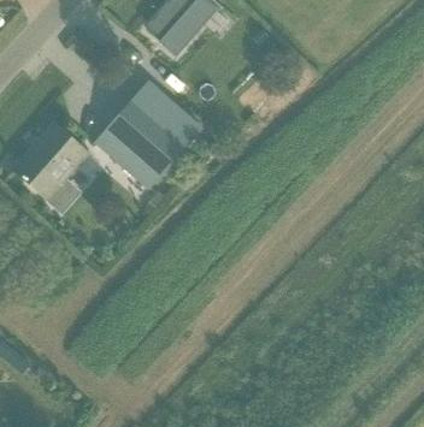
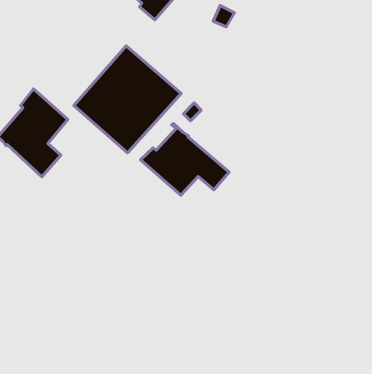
building: none -> [141,124,229,195]

